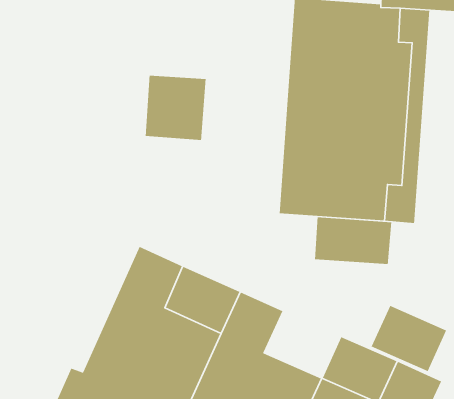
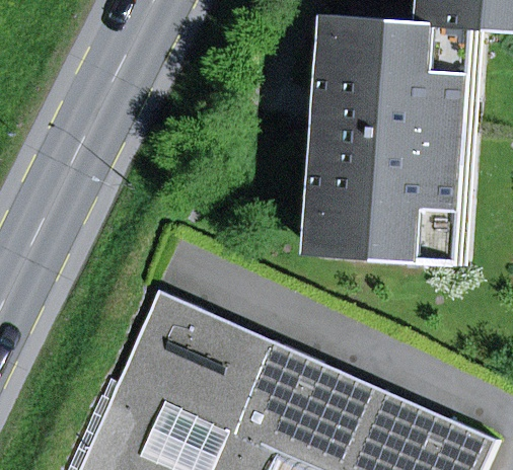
building: [145,75,206,141] -> none
building: [314,216,392,265] -> none
building: [371,305,447,372] -> [295,363,380,438]

